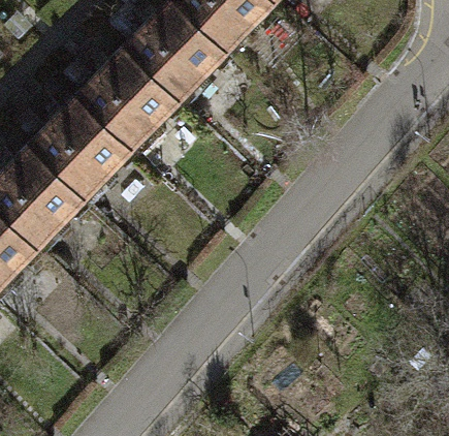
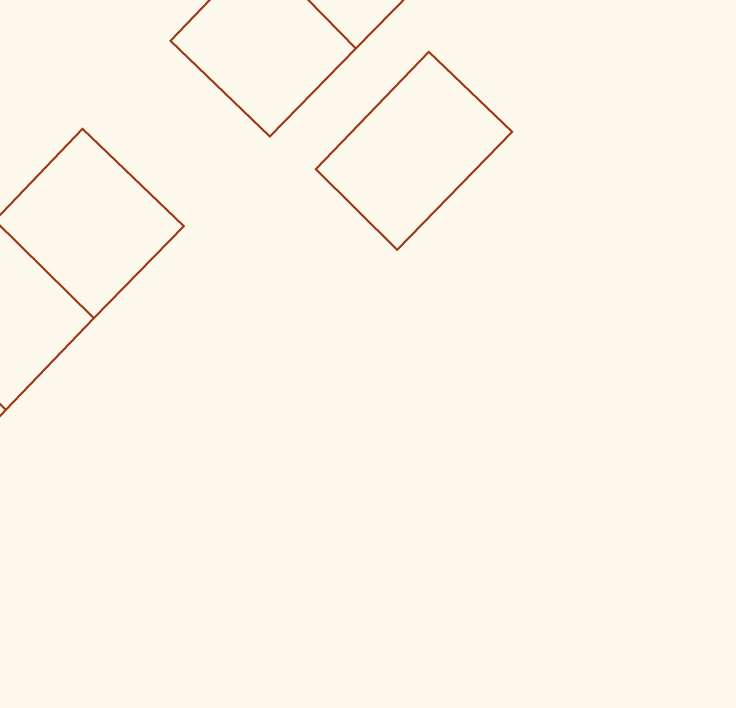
building: [77,50,179,150] -> none
building: none -> [316,52,512,250]

